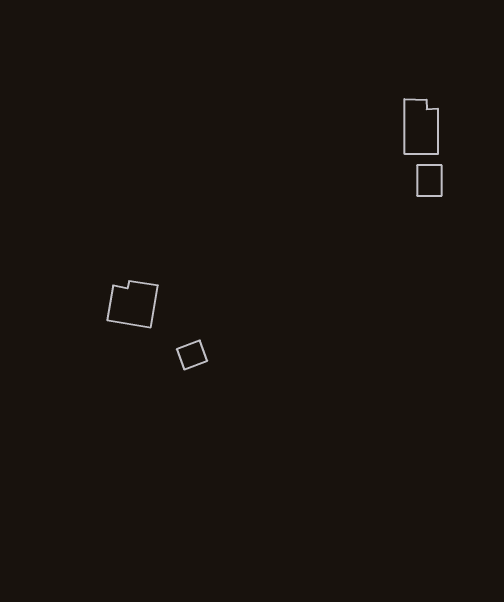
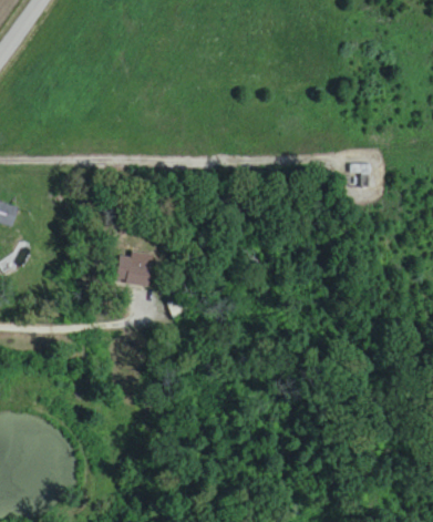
building: [404,99,438,154] -> none

